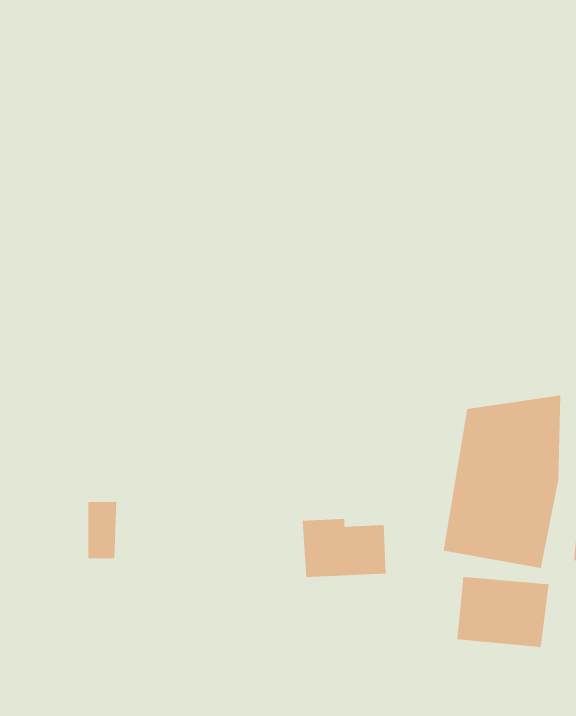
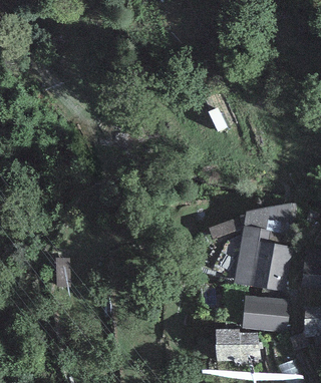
building: [302,518,387,578] -> [215,330,258,360]

